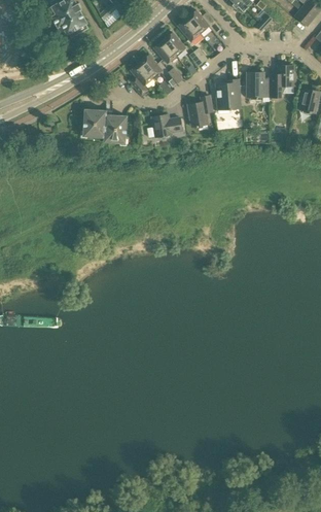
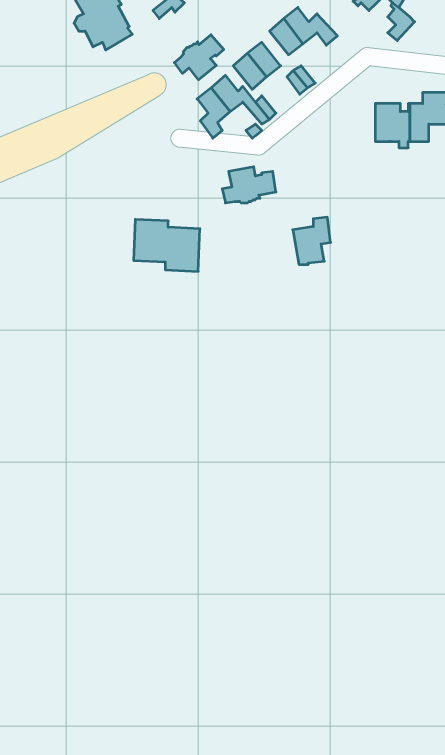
building: none -> [174,35,224,80]
building: [215,78,241,109] -> none
building: [187,95,212,126] -> [293,217,331,264]
building: [83,108,127,142] -> [134,219,200,271]

